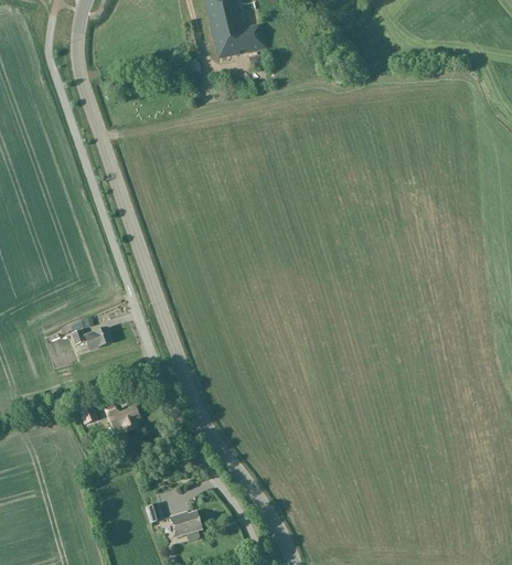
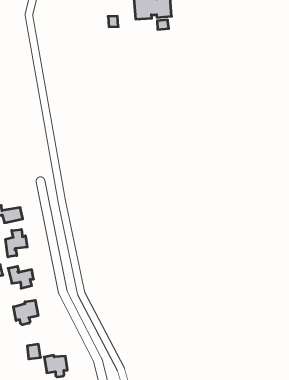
building: none -> [6,229,27,257]
building: none -> [13,300,38,325]

